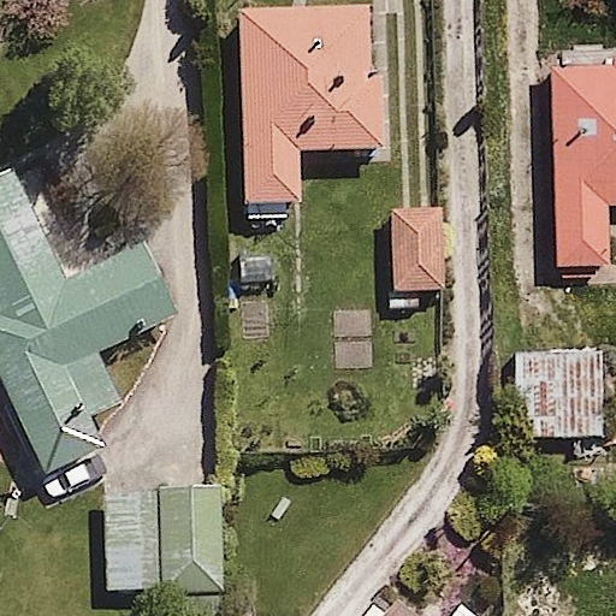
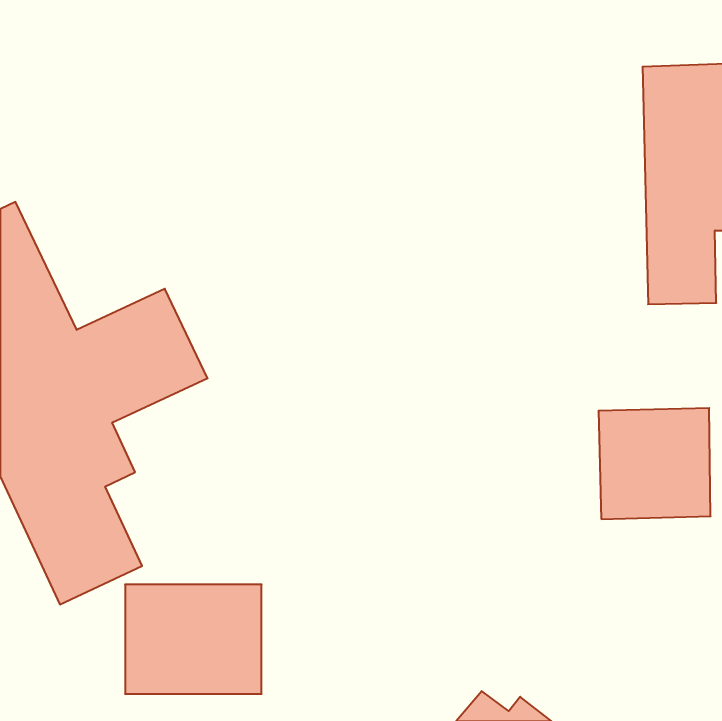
building: [233,5,384,206] -> none
building: [386,205,449,312] -> none

